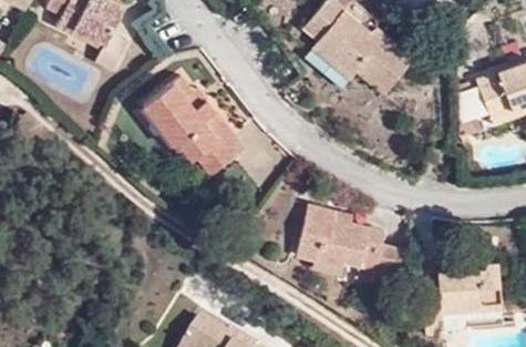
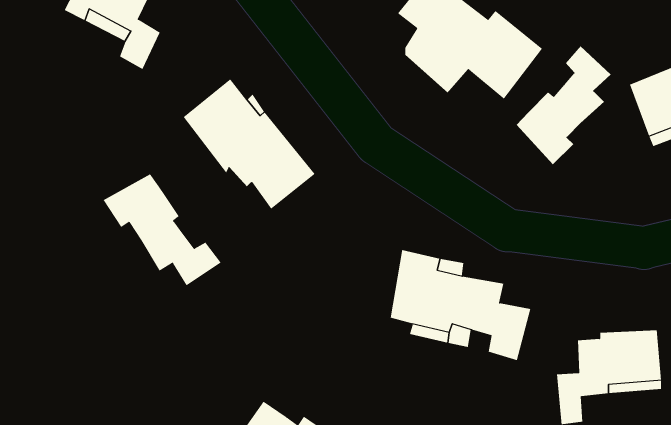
building: none -> [516,46,611,165]
building: none -> [103,174,221,286]

